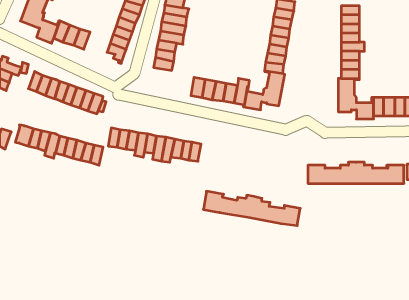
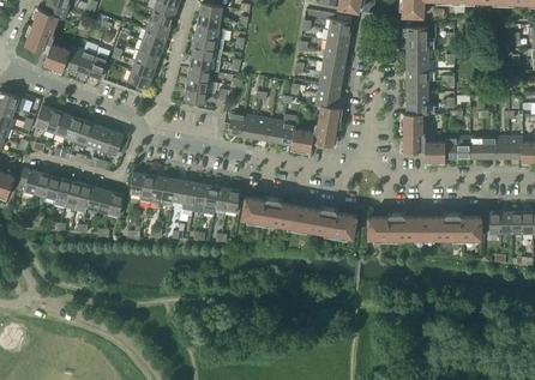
building: [203,191,300,226] -> [241,197,356,237]

